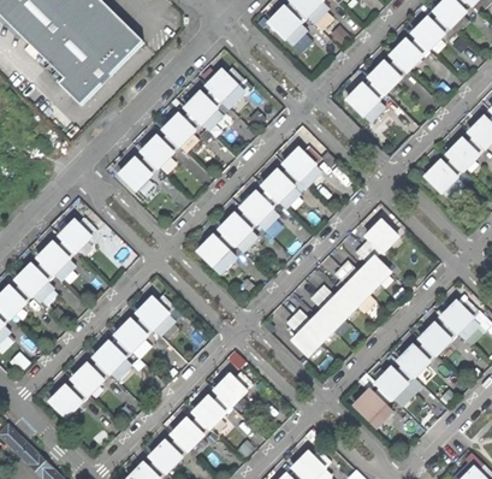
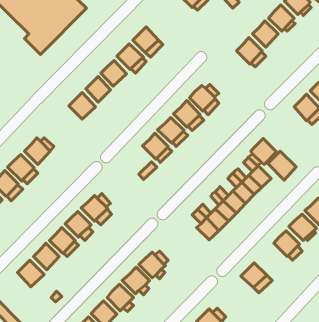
building: [195,233,229,267] -> none
building: none -> [268,151,296,180]
building: [372,366,408,402] -> none

